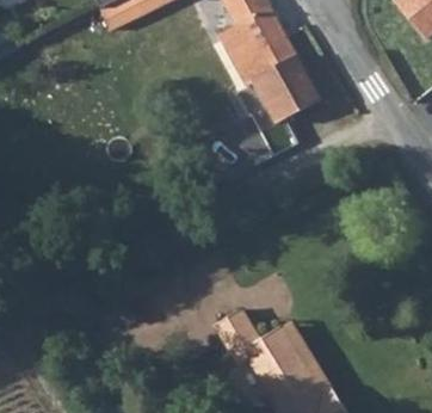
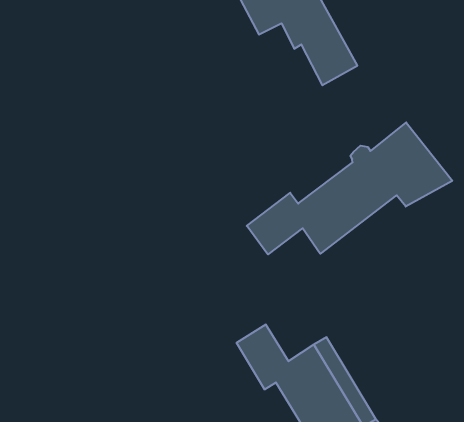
building: none -> [247,122,452,254]

